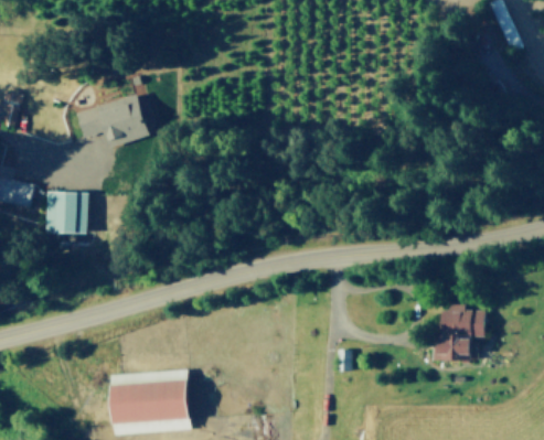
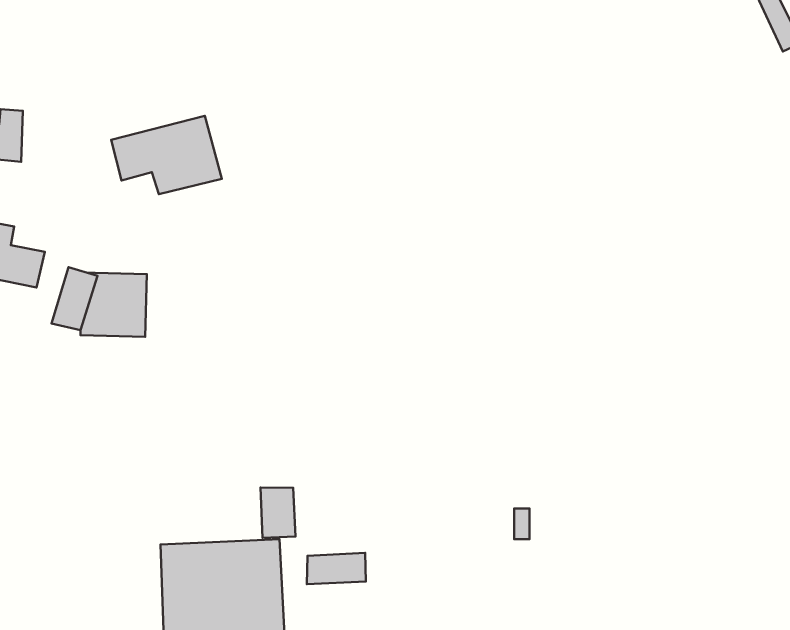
building: [437,307,484,361] -> none
building: none -> [261,488,296,538]
building: none -> [307,553,366,584]

